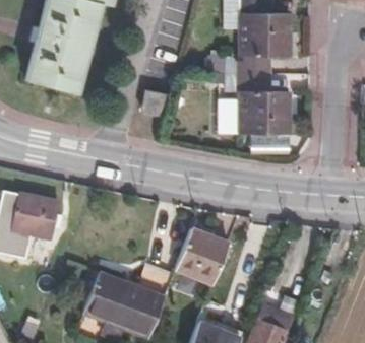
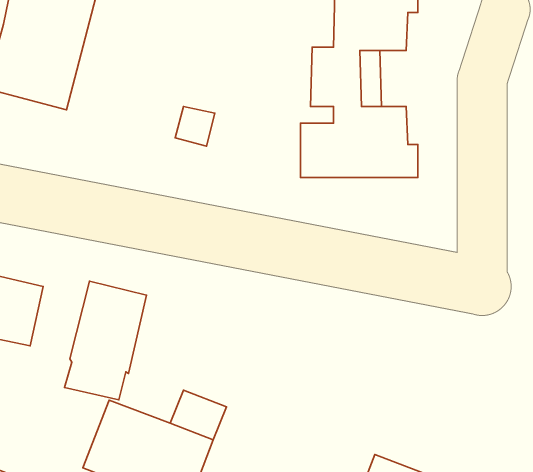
building: none -> [64,281,147,400]
building: [175,227,230,284] -> none

